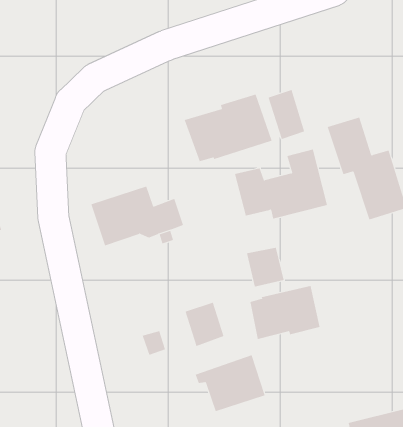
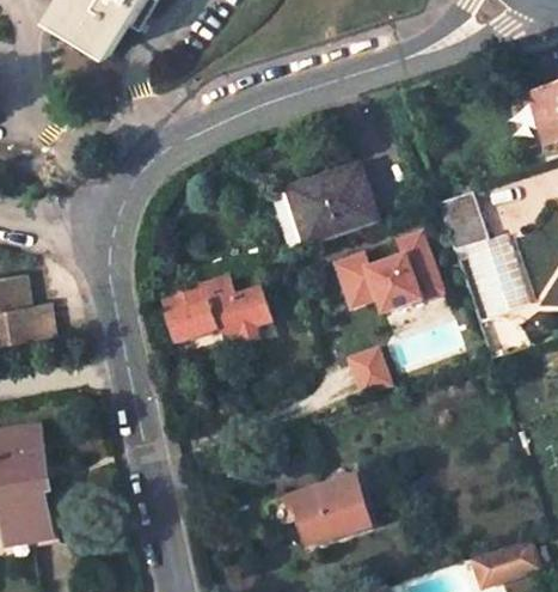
building: [268,89,305,140] -> none
building: [250,285,320,340] -> none
building: [185,302,224,347] -> none

